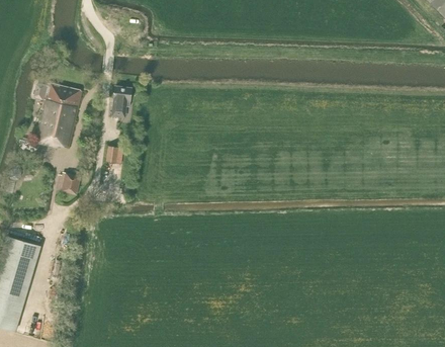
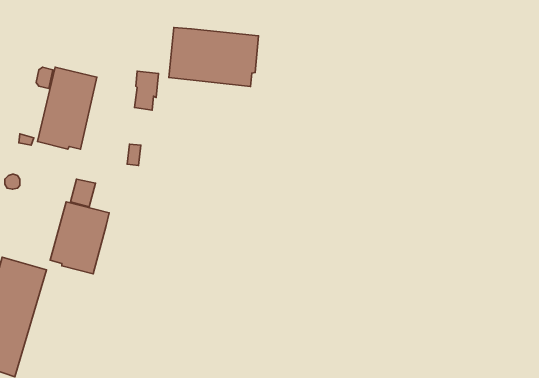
building: none -> [169,27,258,87]
building: none -> [50,202,109,274]

